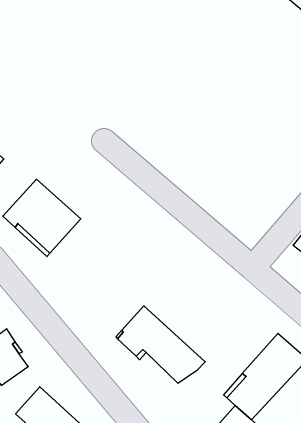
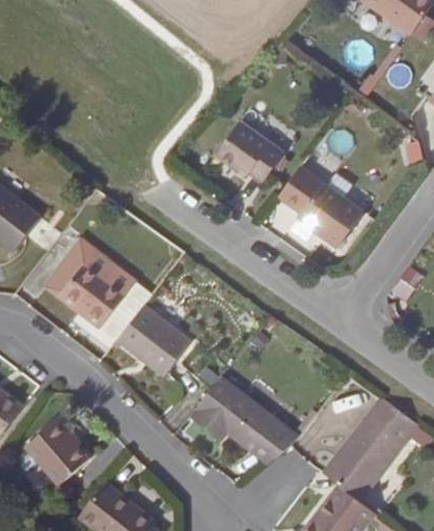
building: none -> [216,121,283,183]
building: none -> [278,166,363,249]
building: none -> [117,305,191,376]

